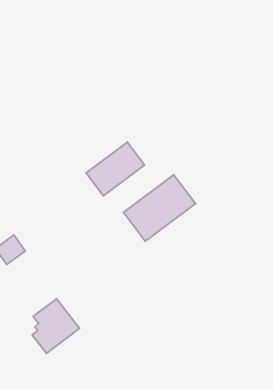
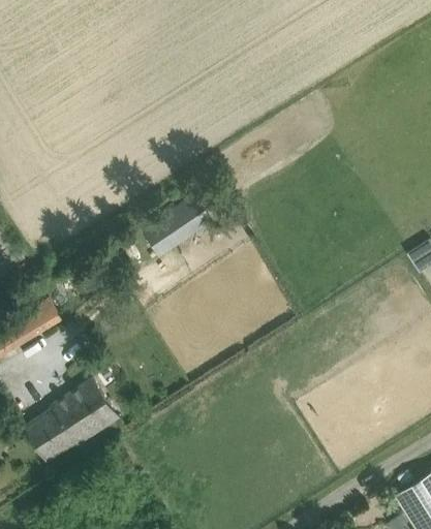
building: [123,175,196,241] -> none
building: none -> [26,399,75,461]

